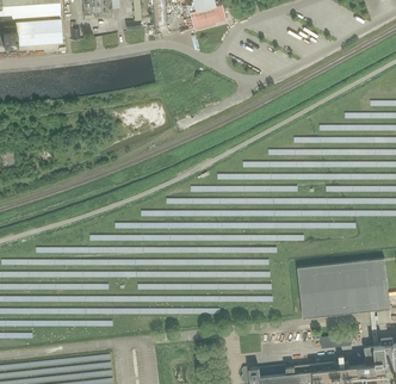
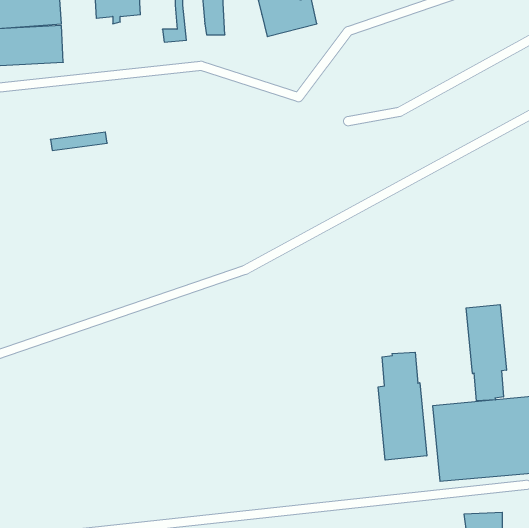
building: none -> [466,305,506,401]
building: none -> [378,352,427,460]

